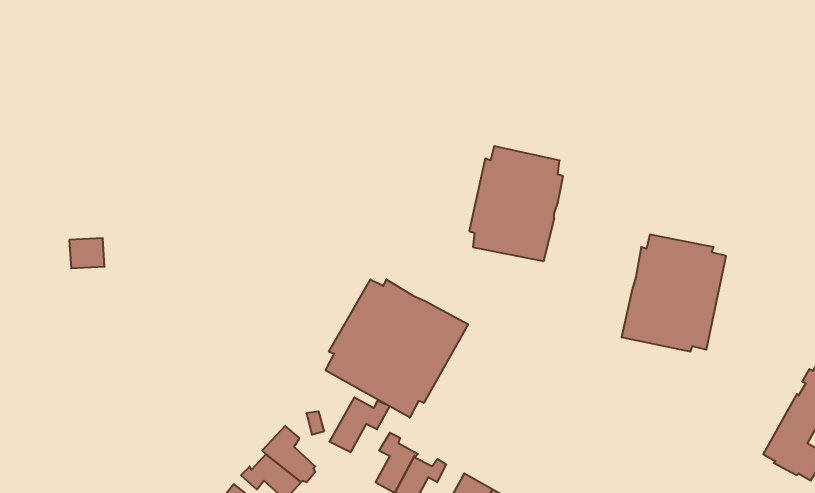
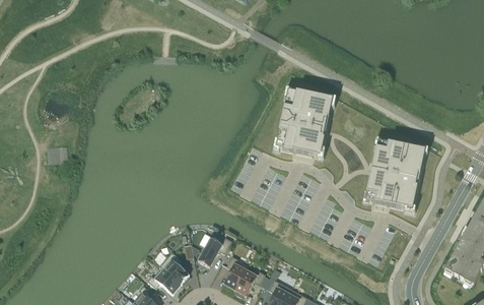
building: [326,279,468,418] -> none

